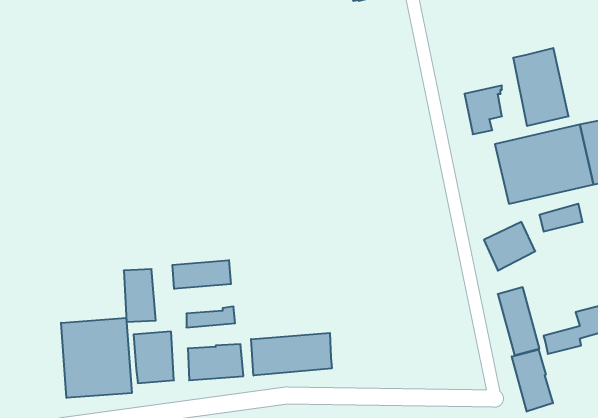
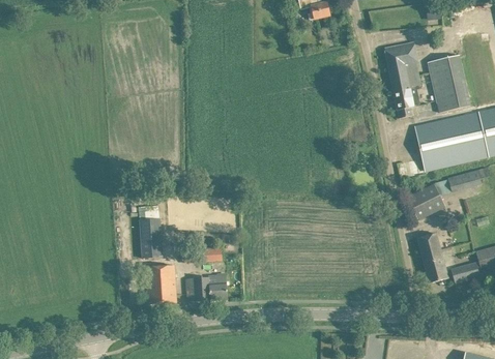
building: none -> [385,41,420,88]
building: [172,260,231,289] -> none
building: [61,318,132,398] -> none
building: [251,333,332,376] -> none
building: [512,350,553,412] -> none

